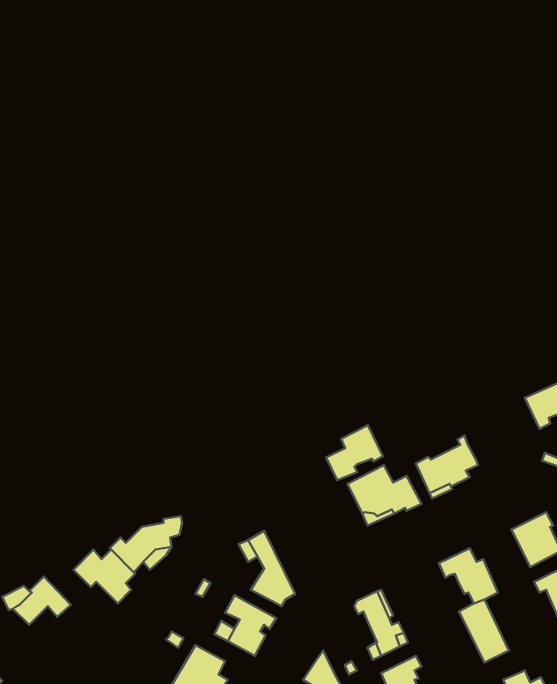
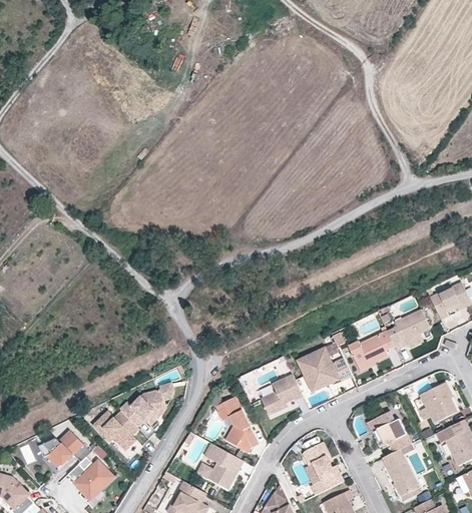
building: none -> [386,310,429,345]
building: [326,425,383,480] -> [261,375,303,416]
building: none -> [67,461,113,498]

